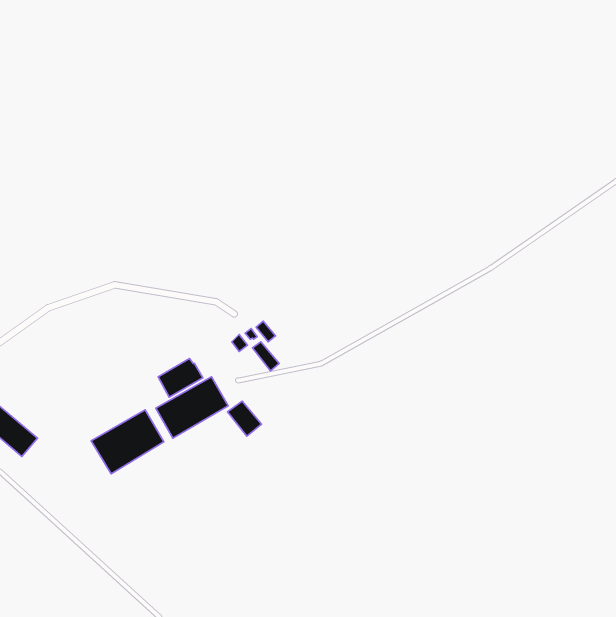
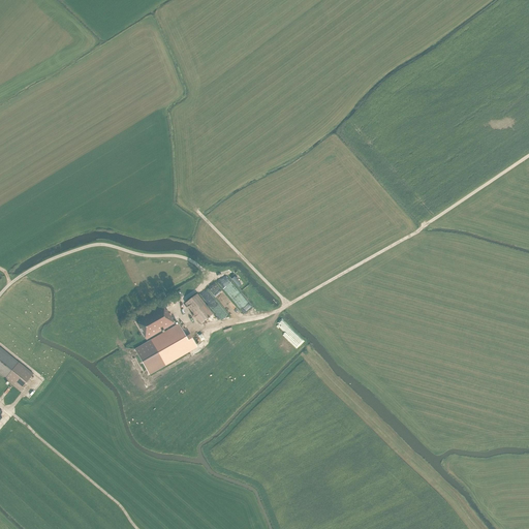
building: [228,401,261,436] -> [184,294,213,324]
building: [91,410,164,474] -> none

